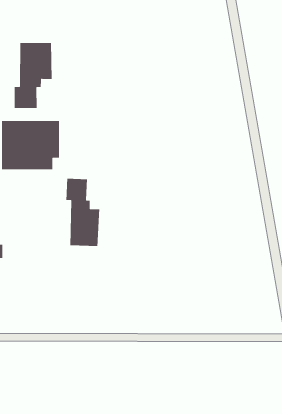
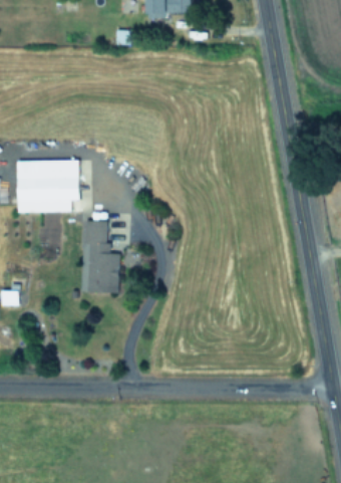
building: [14,42,53,109] -> none

